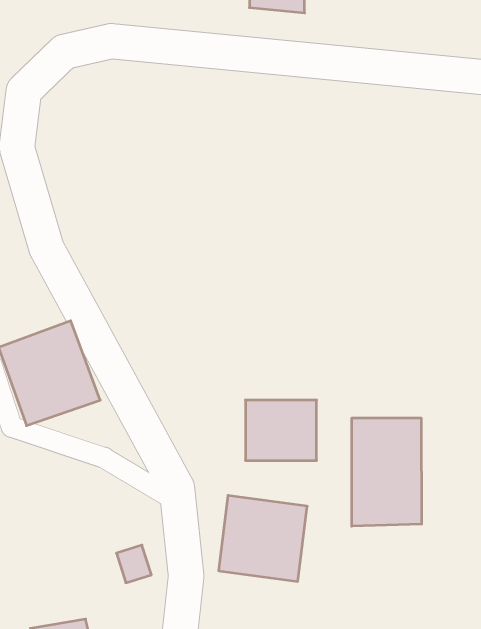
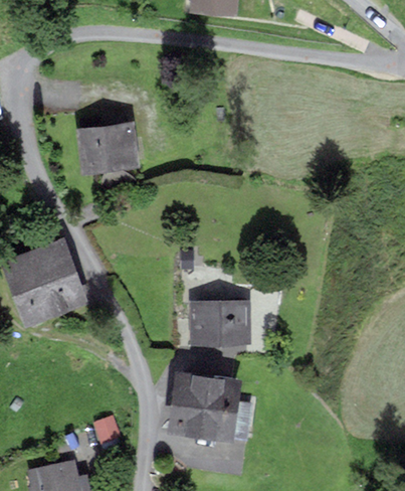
building: none -> [76,126,135,176]
building: [352,418,422,526] -> none

